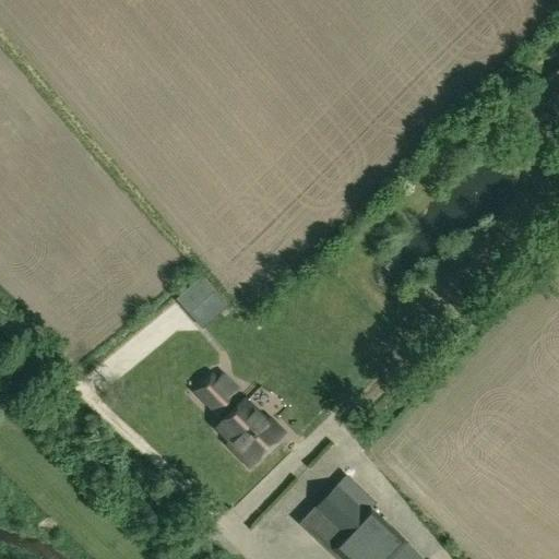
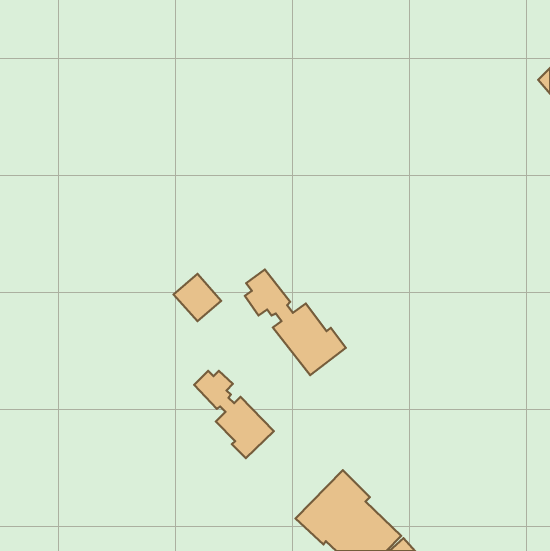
building: none -> [245,269,346,375]

